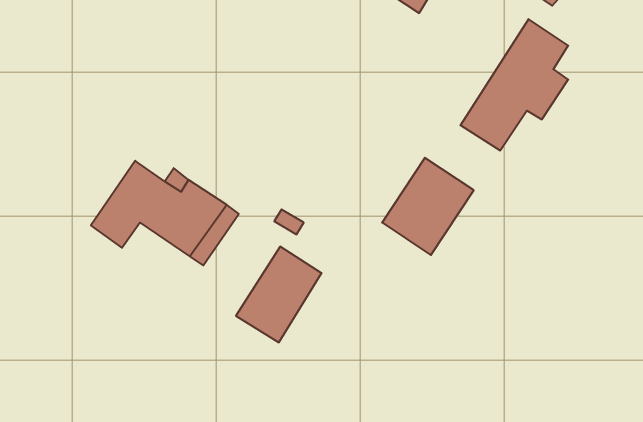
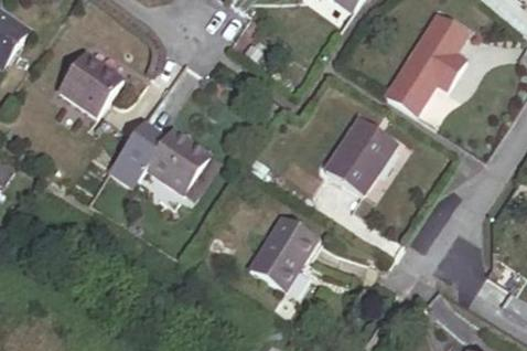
building: none -> [60,52,123,116]
building: [236,247,322,342] -> [251,217,315,289]

